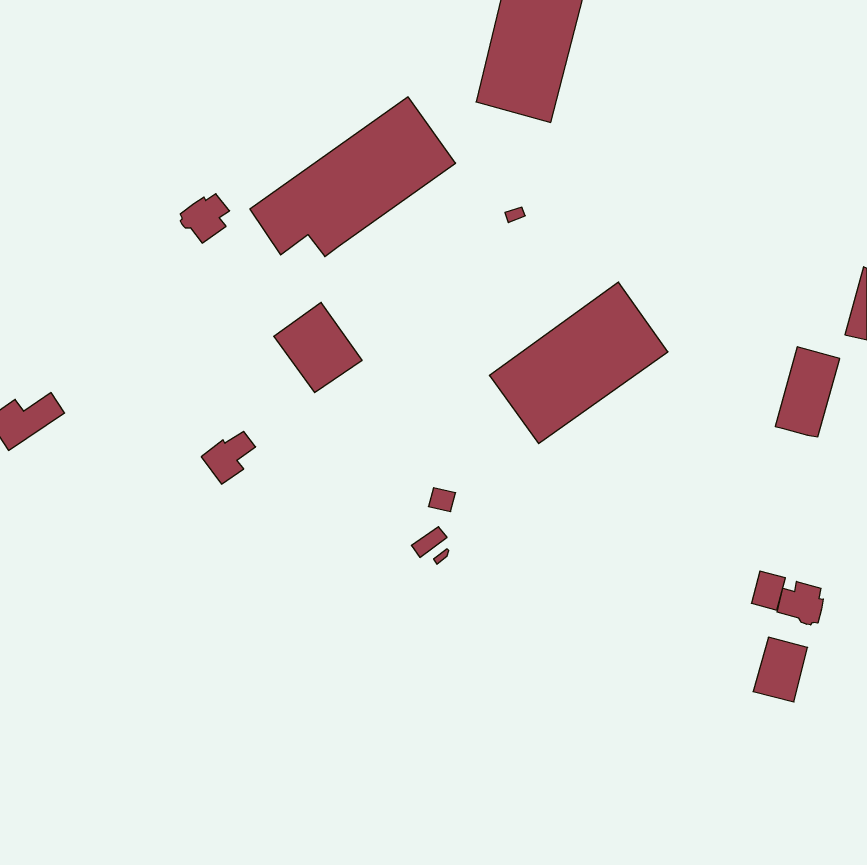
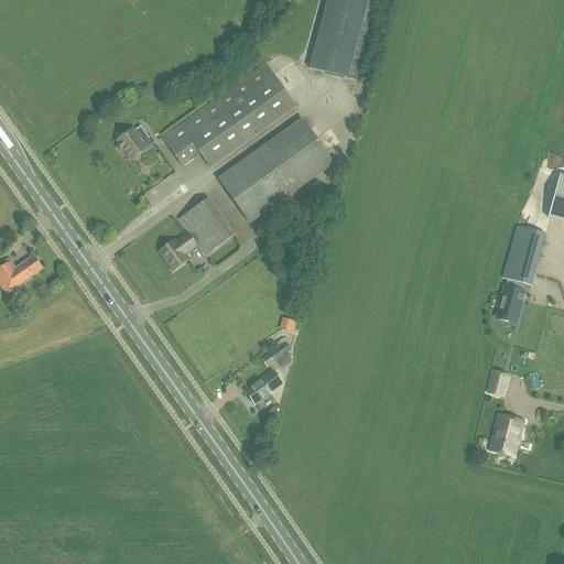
building: [489,282,668,444] -> [217,117,333,221]
building: none -> [495,278,523,322]
building: [201,431,256,484] -> [160,234,195,268]
building: none -> [245,369,281,403]
building: [777,581,823,625] -> none

